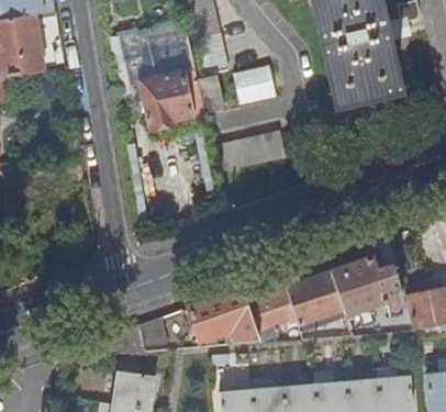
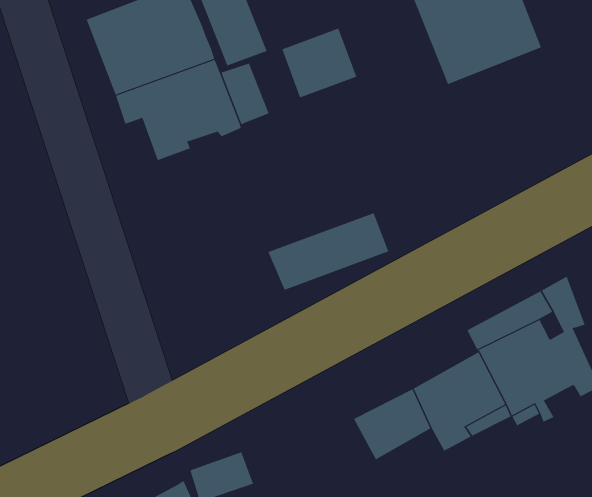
building: [212,131,287,170] -> [268,212,389,290]
building: [187,289,260,344] -> none

